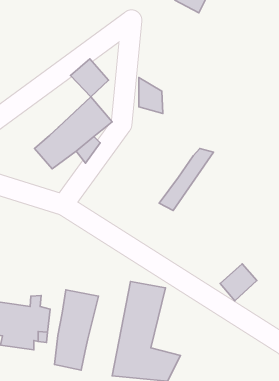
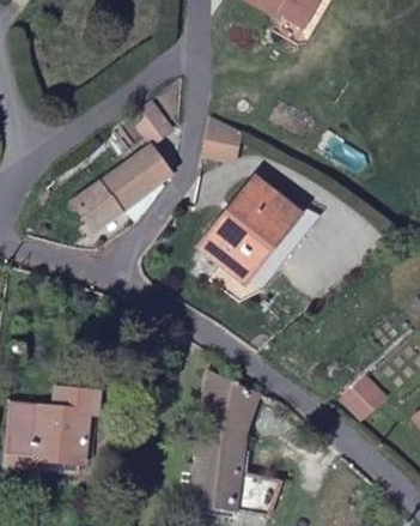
building: none -> [201,187,288,277]
building: [55,290,98,370] -> none

